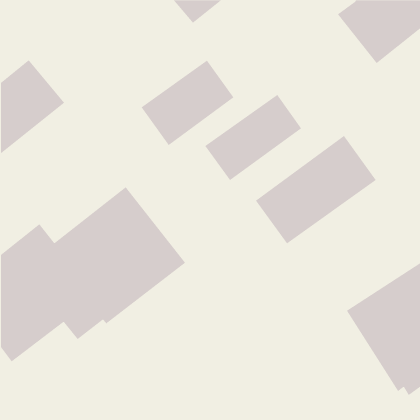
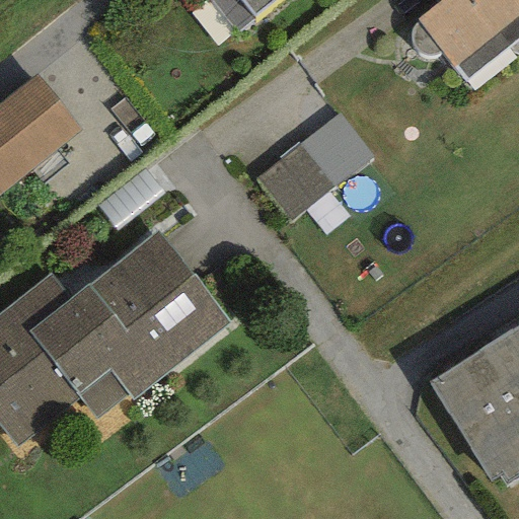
building: [140,59,235,146] -> none
building: [255,135,377,244] -> none

